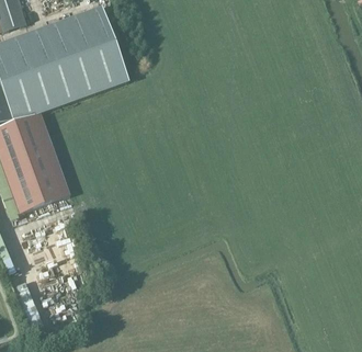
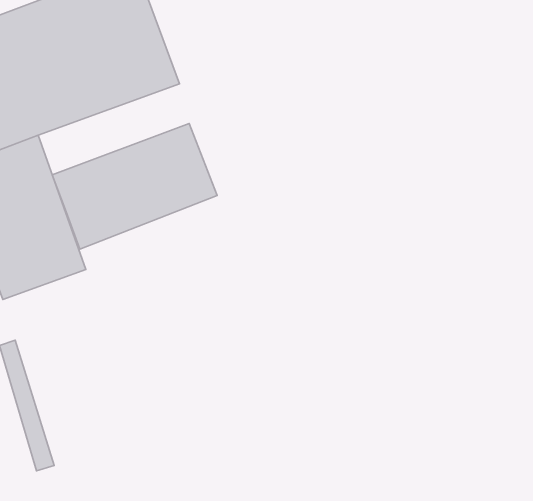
building: none -> [52,123,217,249]

